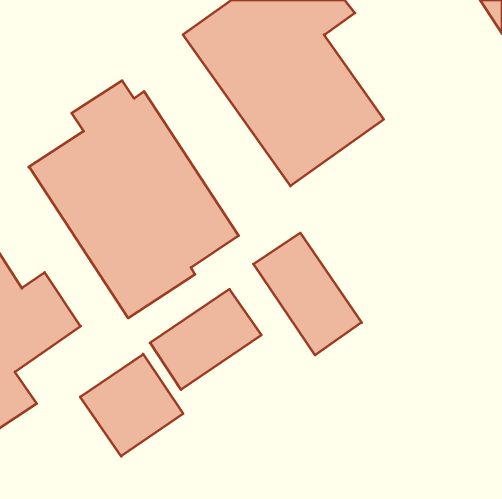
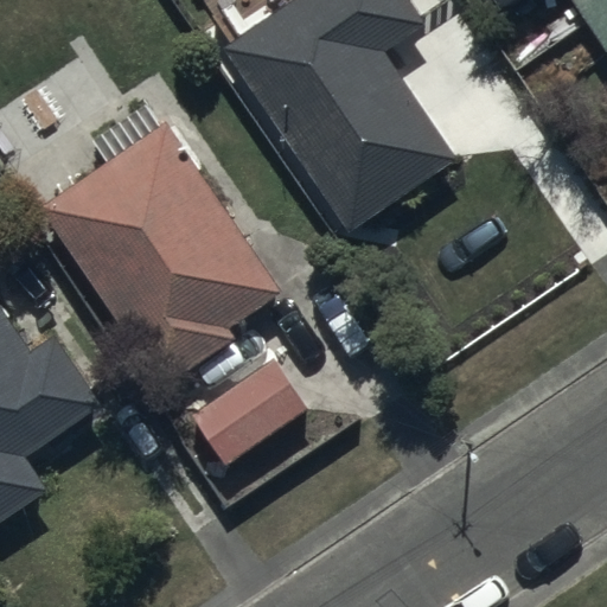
building: [253,233,362,355] -> none
building: [80,354,183,456] -> none

